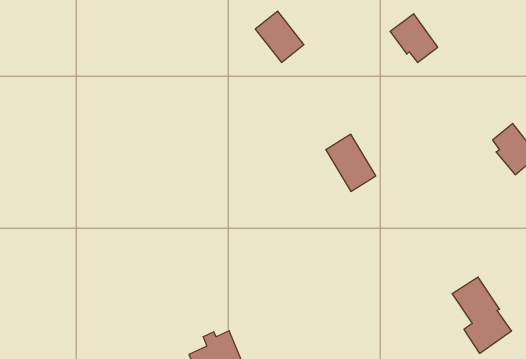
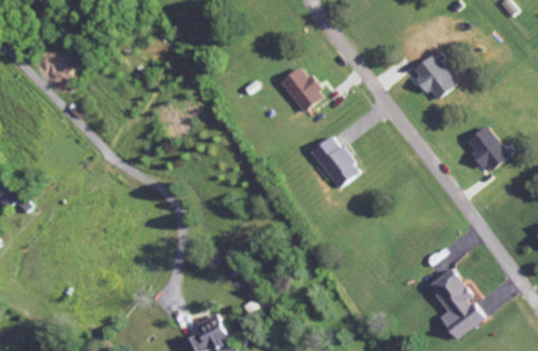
building: [255,11,304,62] -> [280,66,325,113]
building: [390,14,438,63] -> [412,54,456,100]

